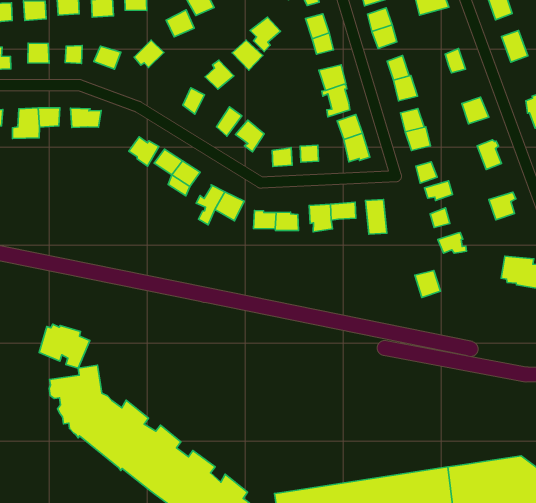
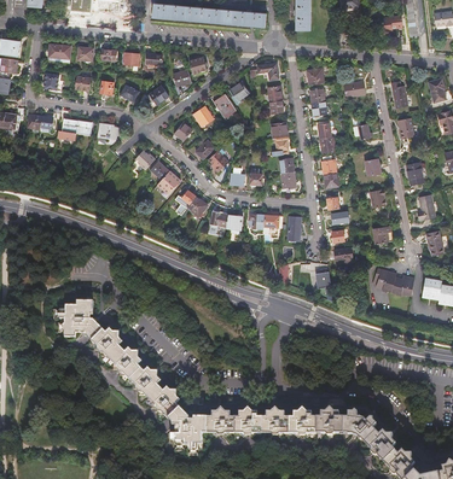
building: [39,324,90,368] -> none

